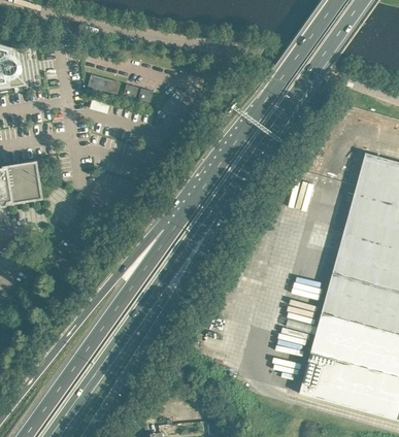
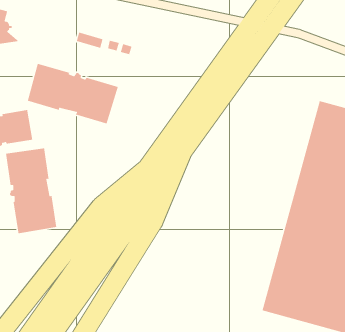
building: none -> [27,63,119,124]
building: none -> [5,148,57,234]

